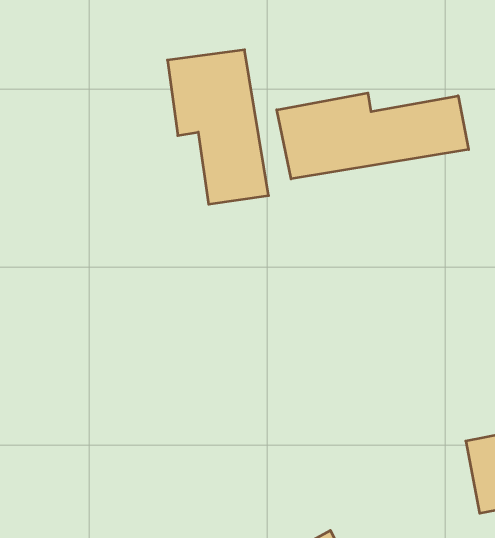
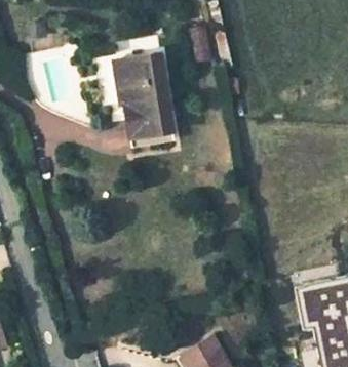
building: [277,93,469,179] -> none

